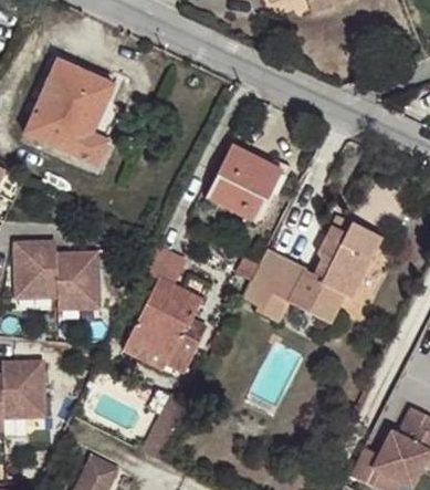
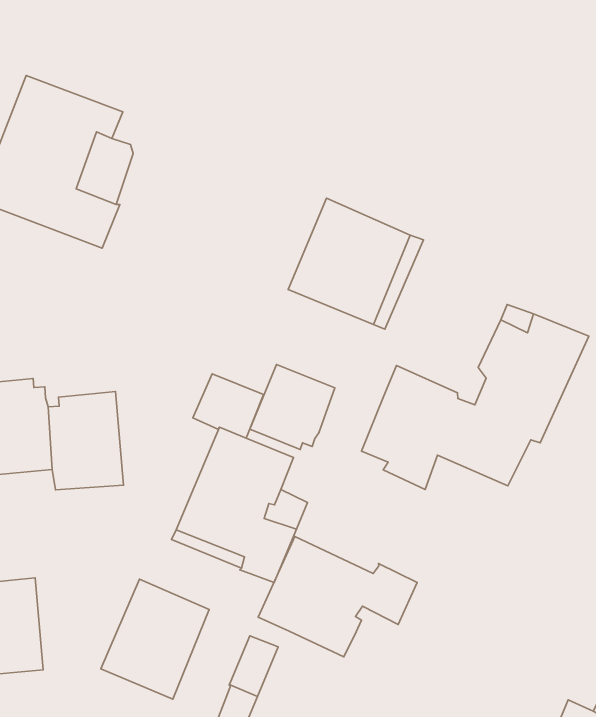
building: none -> [250,365,335,450]
building: none -> [258,536,417,657]
building: none -> [101,579,209,699]

